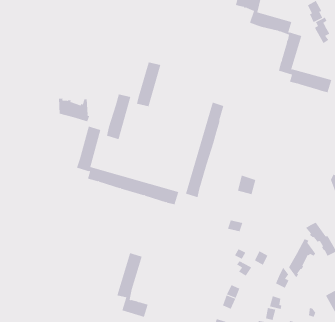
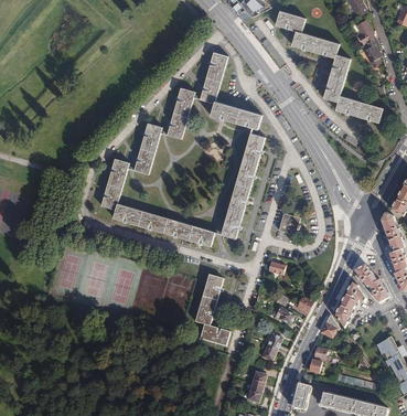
building: none -> [201,51,261,128]
building: [59,98,90,122] -> none
building: [116,253,148,318] -> [195,274,231,345]

